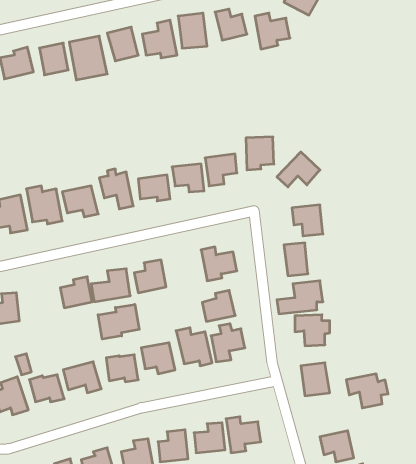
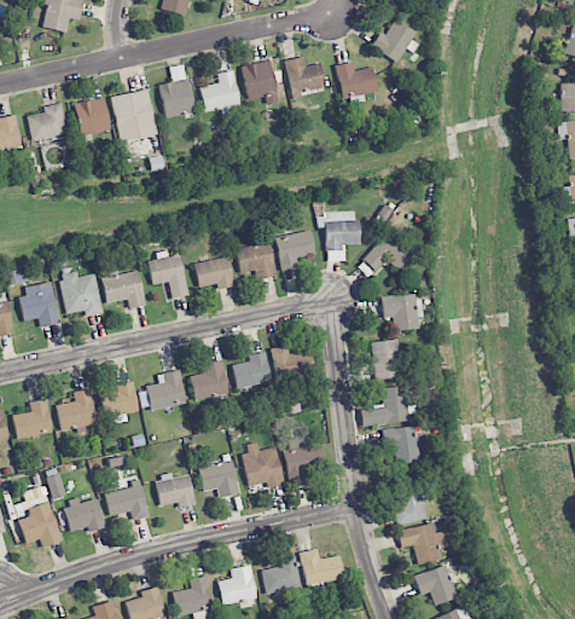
building: none -> [56,389,95,430]
building: [202,290,235,321] -> [232,352,272,389]
building: [98,304,139,339] -> none
building: [346,374,388,408] -> [397,523,448,565]

